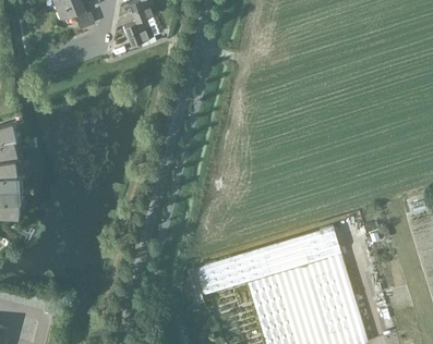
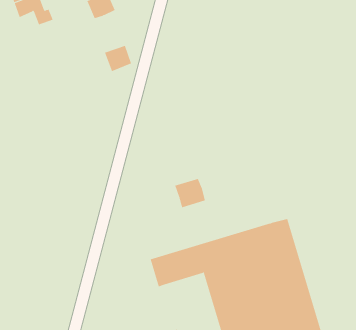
building: [124,19,153,46] -> [104,45,132,72]
building: none -> [175,178,205,208]

